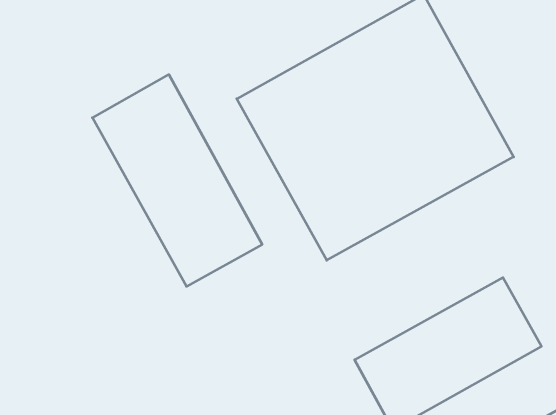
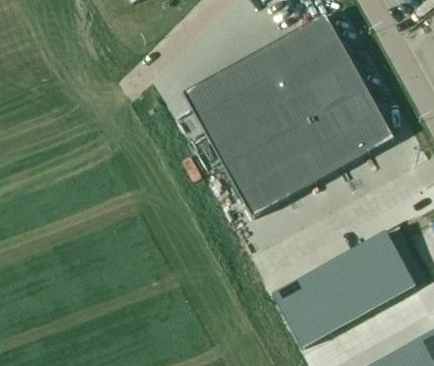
building: [92,75,262,286] -> none

